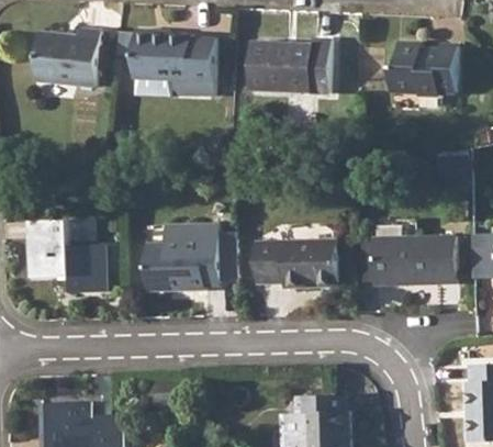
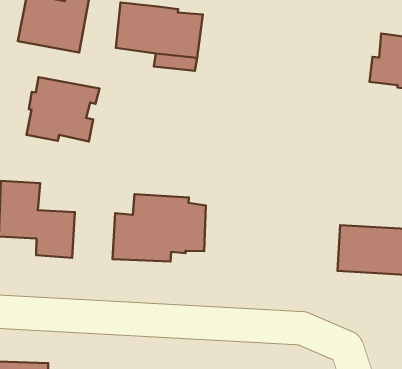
building: [249,40,330,93] -> none
building: none -> [27,77,99,142]
building: [255,239,338,287] -> none

